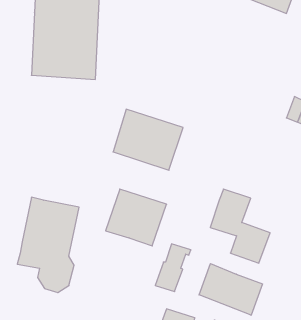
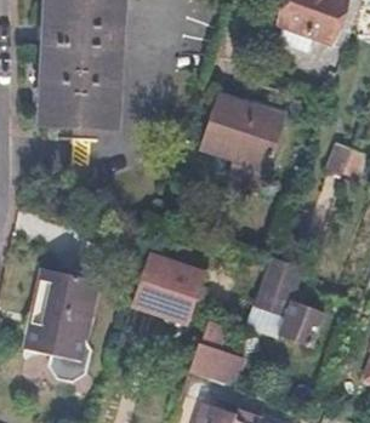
building: [113,109,183,170] -> [199,96,283,168]
building: [199,264,263,315] -> none

